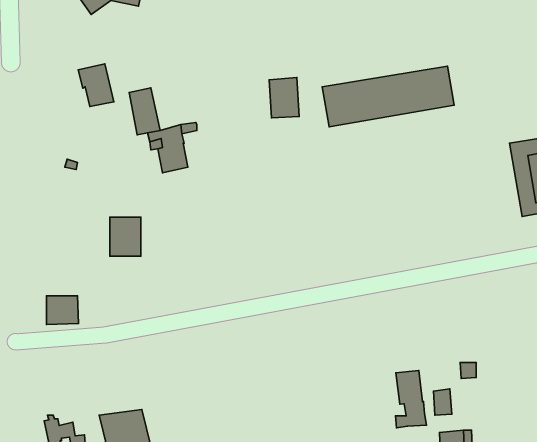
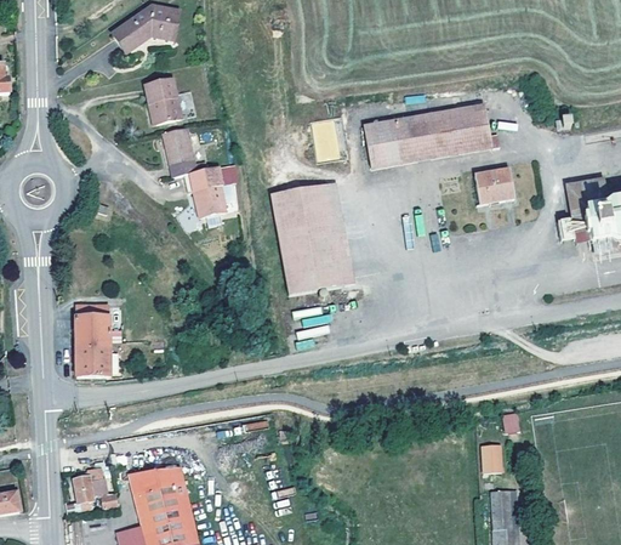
building: [78,64,114,106] -> [143,78,181,123]
building: none -> [477,169,518,201]
building: none -> [275,184,346,295]
building: [110,217,141,256] -> [75,305,108,346]
building: [395,370,427,428] -> none

